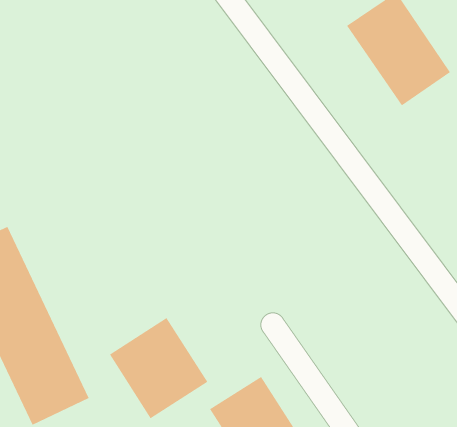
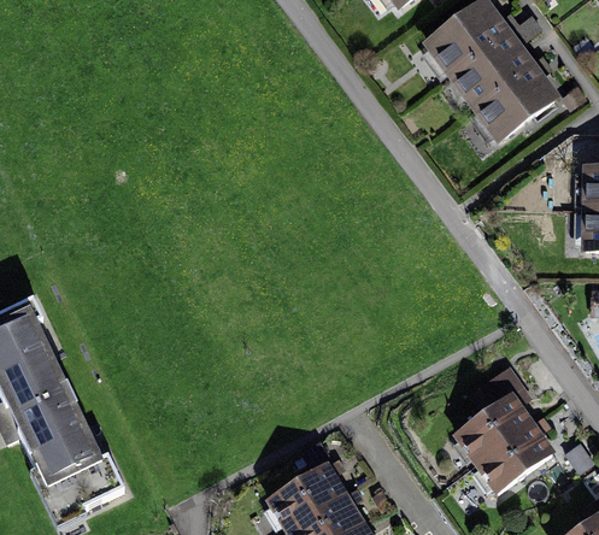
building: [109,317,208,419] -> none
building: none -> [451,394,545,488]

